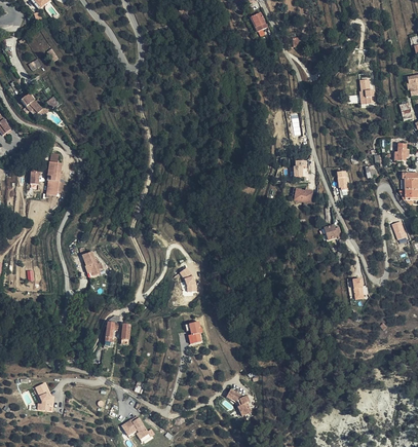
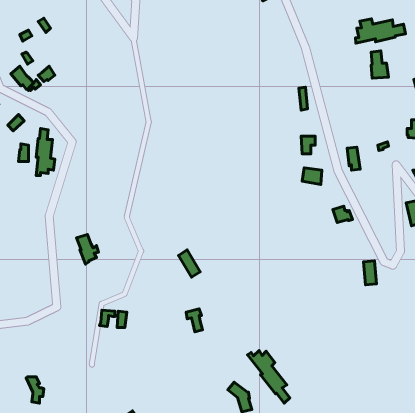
building: none -> [355,19,405,43]
building: none -> [248,351,290,403]

